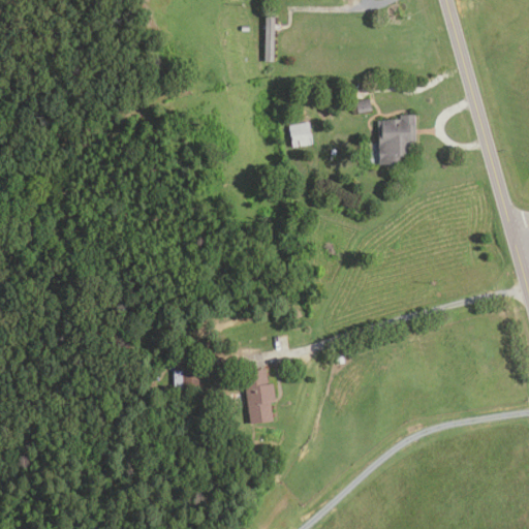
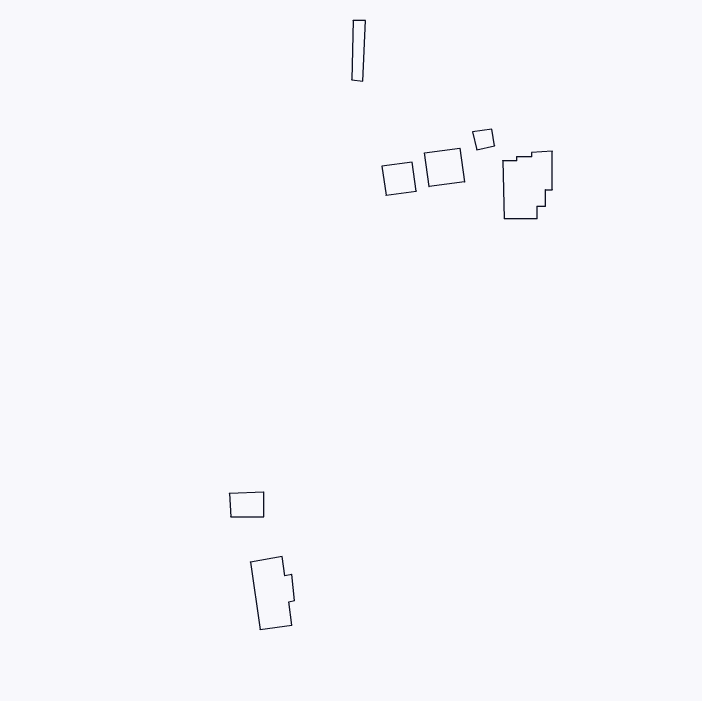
building: none -> [425,148,465,187]
building: [243,369,276,424] -> [250,557,294,629]

